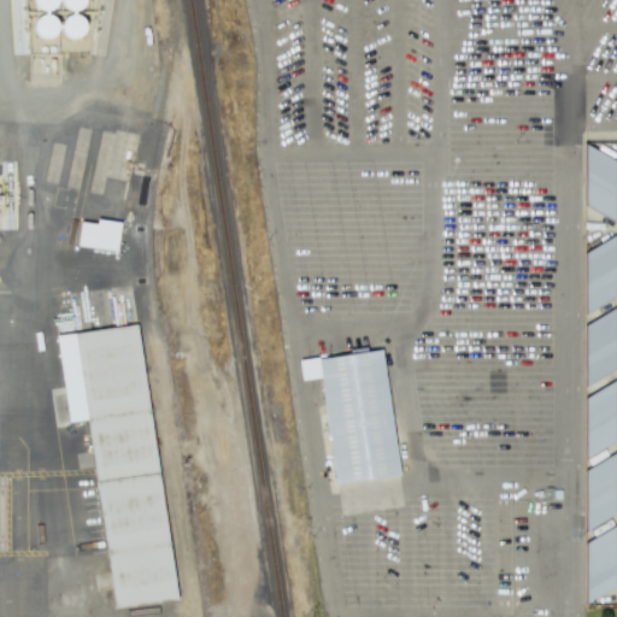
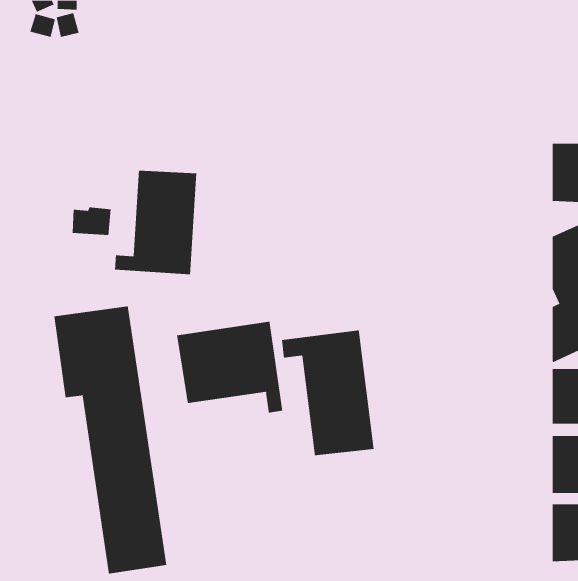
building: none -> [114,170,197,275]
building: none -> [177,321,283,413]

